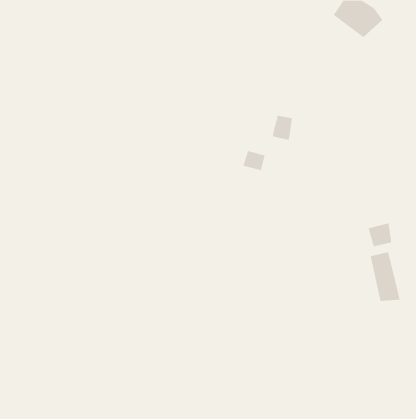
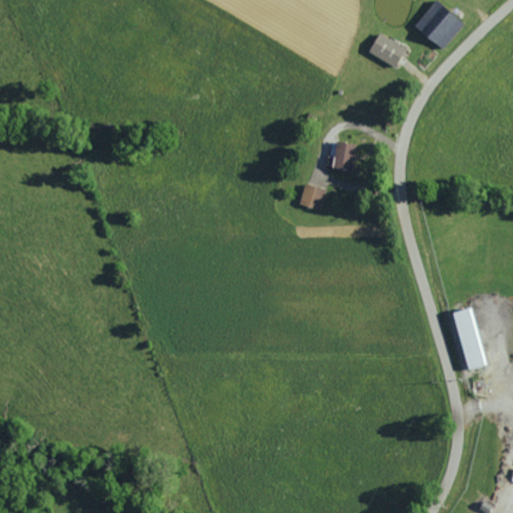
building: none -> [367,33,406,68]
building: [368,222,392,247] -> none

